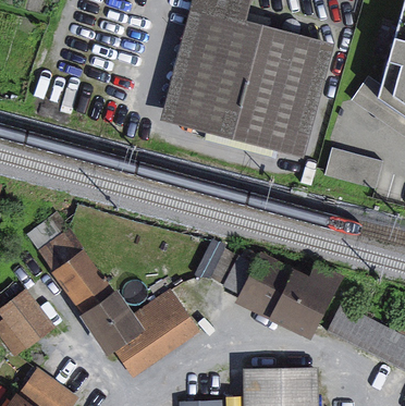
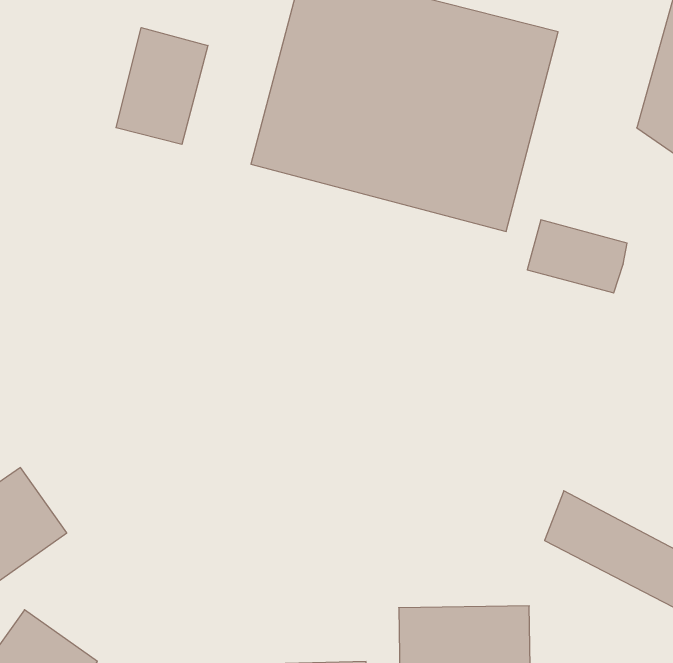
building: none -> [116,28,208,144]
building: [41,233,195,376] -> none
building: [236,253,343,339] -> none

